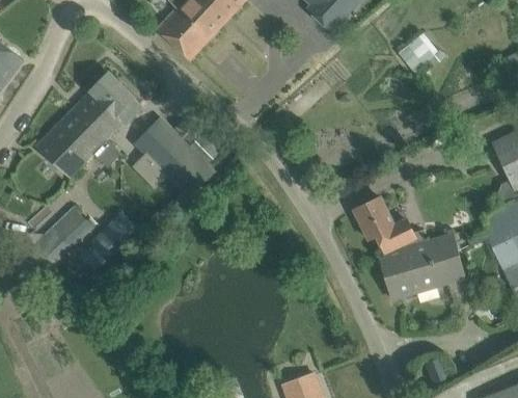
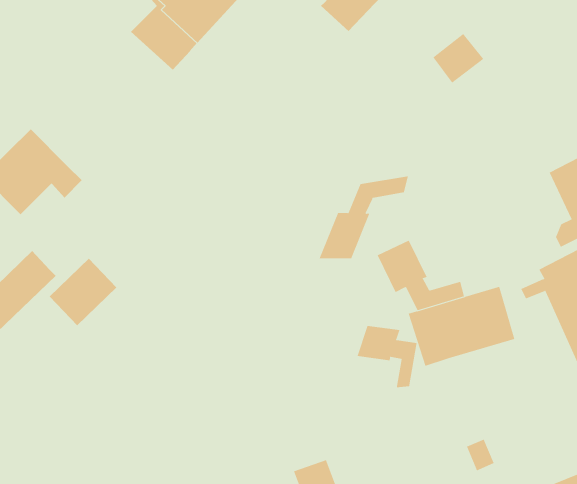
building: [76,72,142,137] -> none
building: [134,117,213,194] -> none
building: none -> [319,175,408,259]
building: none -> [357,325,417,388]

